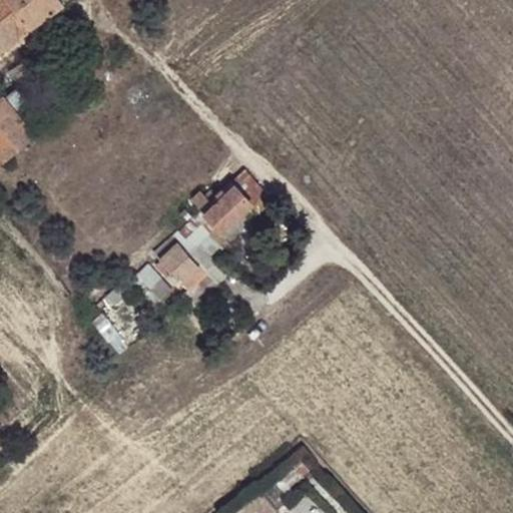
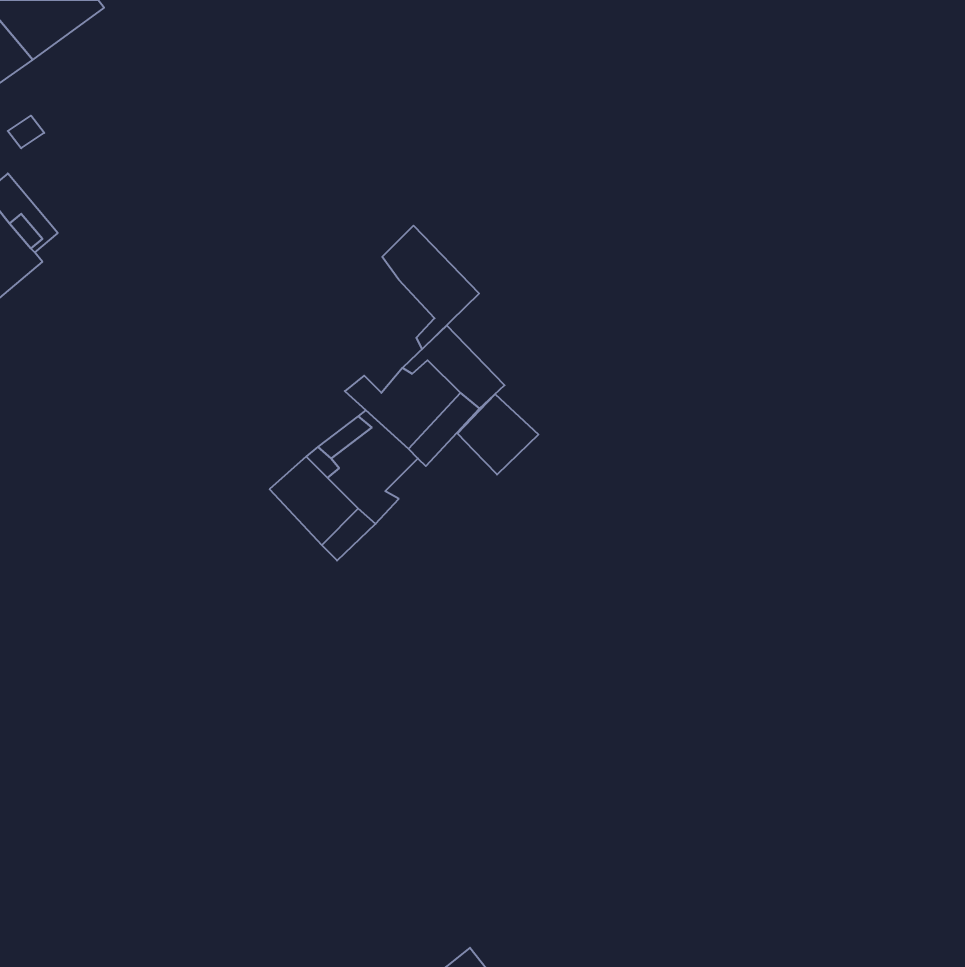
building: none -> [382,226,479,349]
building: none -> [457,394,538,475]

